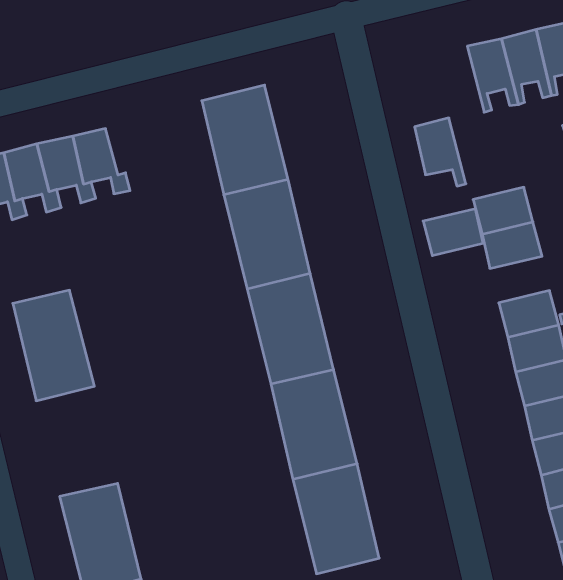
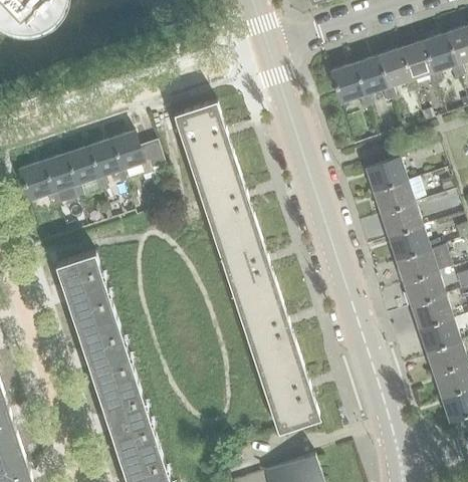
building: [415,118,466,186] -> [329,63,368,109]
building: none -> [109,131,167,182]
building: [423,209,483,256] -> [380,203,422,237]
building: none -> [76,315,137,393]

